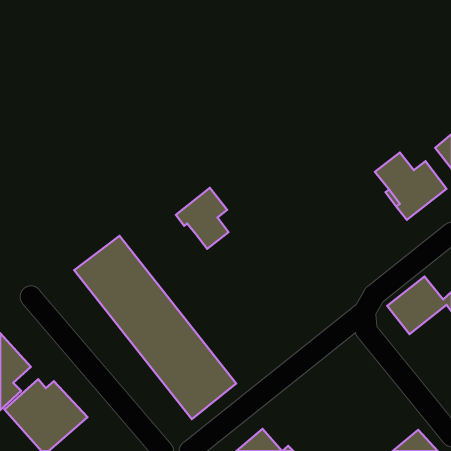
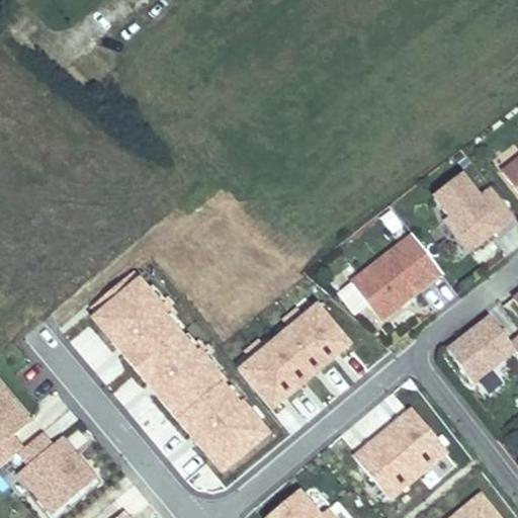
building: [176,188,228,249] -> none
building: none -> [347,234,439,321]
building: none -> [234,298,356,415]
building: none -> [353,405,452,502]

